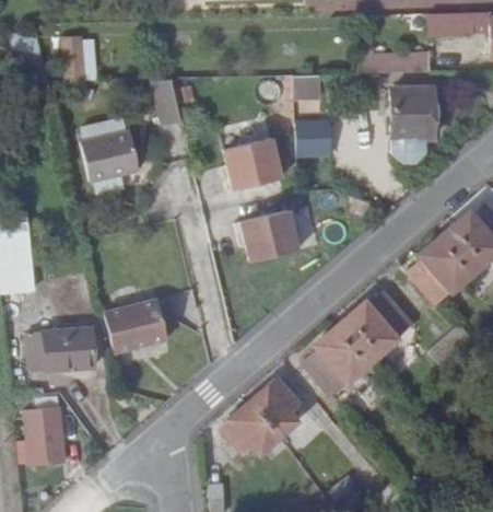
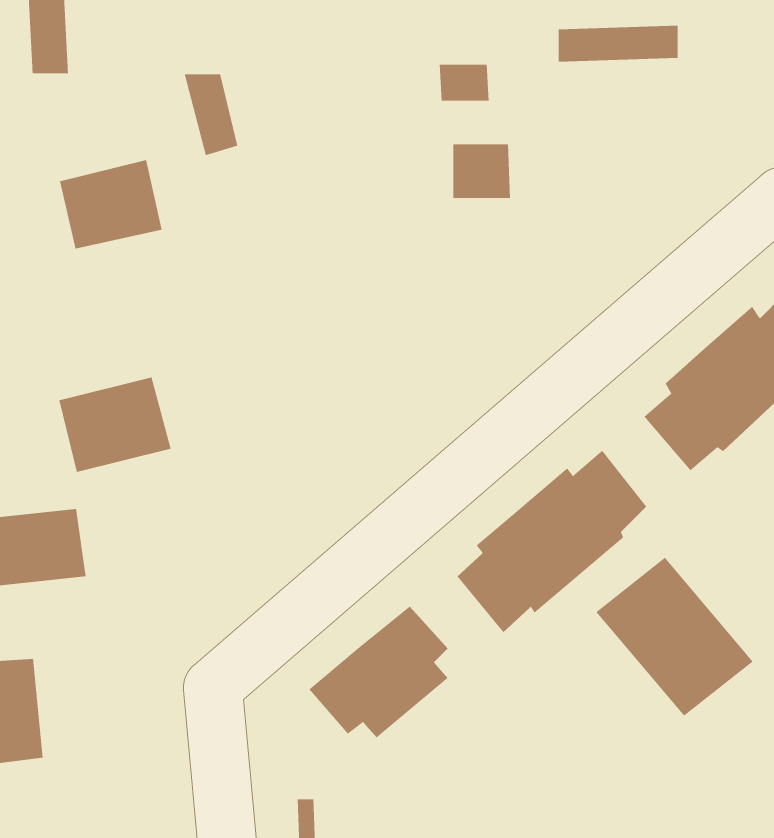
building: [390,90,432,152] -> none
building: [218,124,282,189] -> none
building: [234,205,302,267] -> none
building: [103,298,166,351] -> [59,377,172,472]
building: none -> [596,557,754,717]

